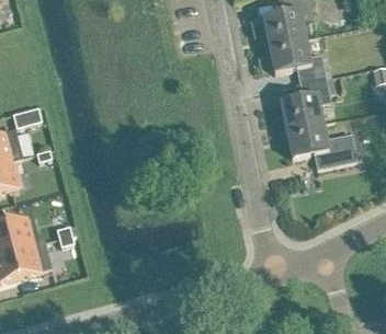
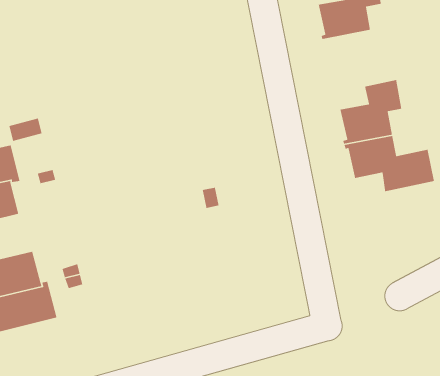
building: [265,36,326,81] -> none

